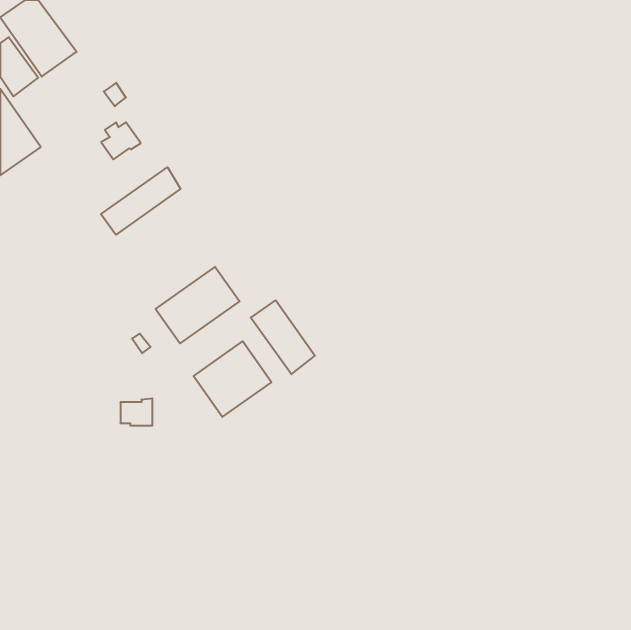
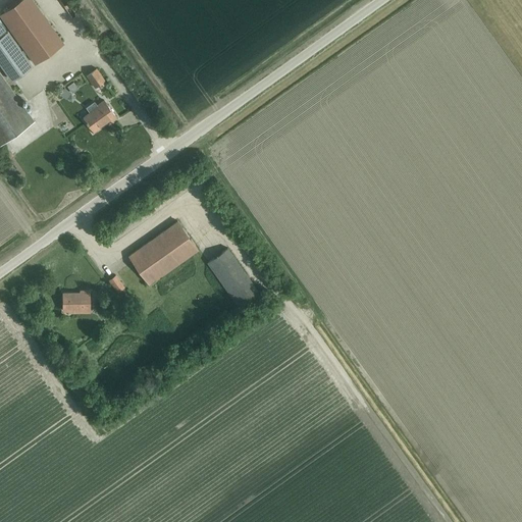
building: [101,167,181,235] -> none
building: [194,341,271,417] -> none
building: [120,398,152,426] -> [63,291,90,313]

